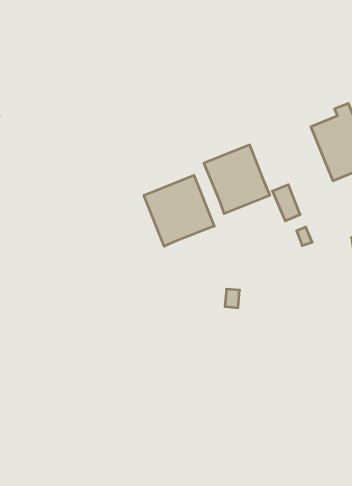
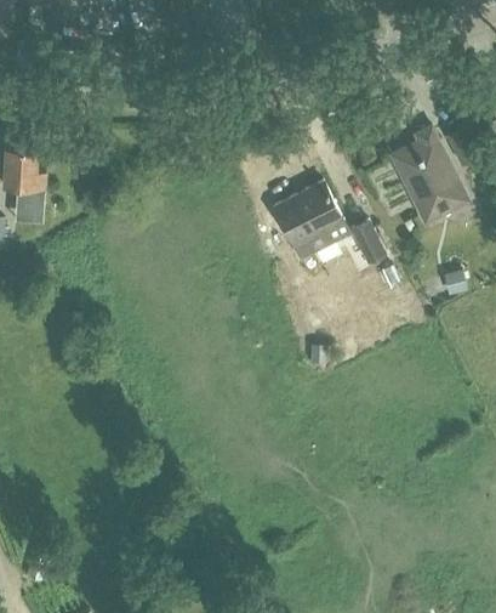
building: [144,175,214,246] -> none

